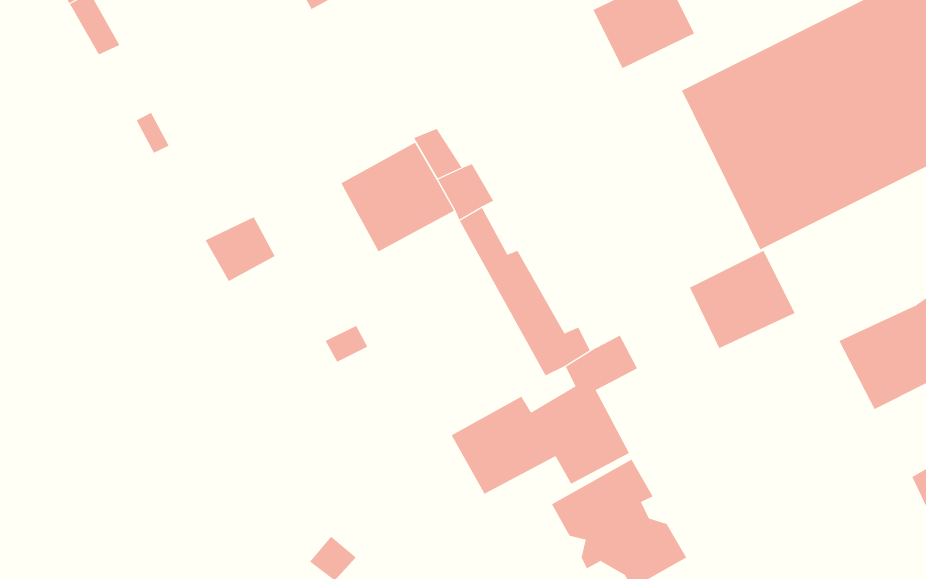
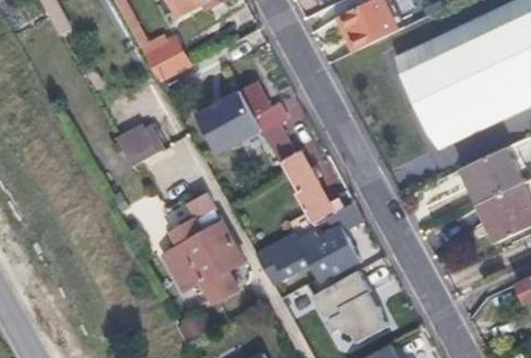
building: none -> [146,37,192,82]
building: [689,250,795,349] -> [461,148,521,203]
building: none -> [162,218,244,305]

